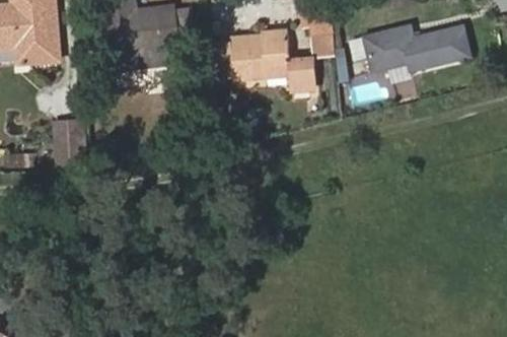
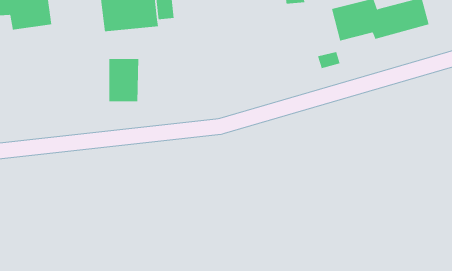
building: [230,35,312,91] -> none
building: [54,119,87,166] -> [109,58,139,102]

